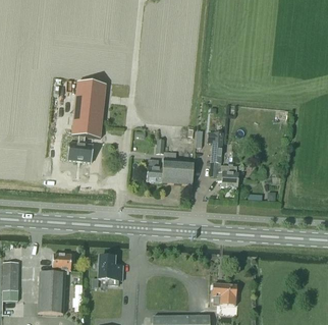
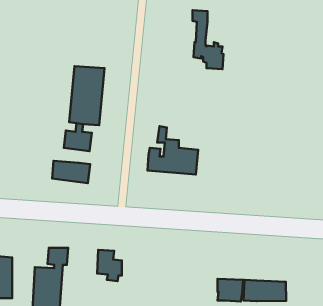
building: [208,130,237,186] -> [192,10,224,69]
building: none -> [52,161,90,183]
building: none -> [244,280,286,301]

